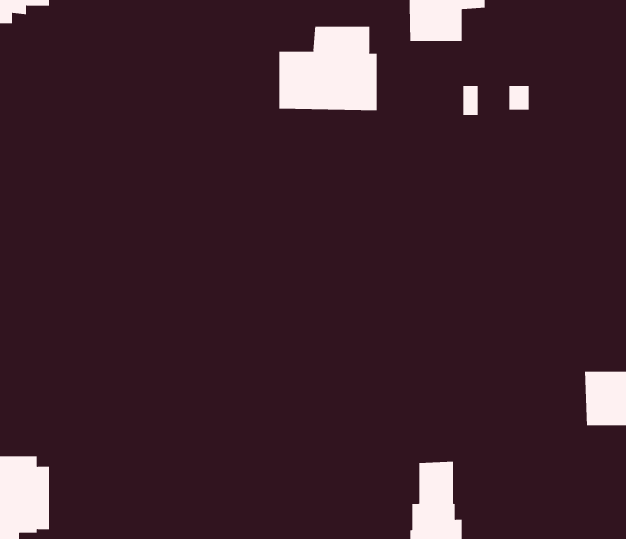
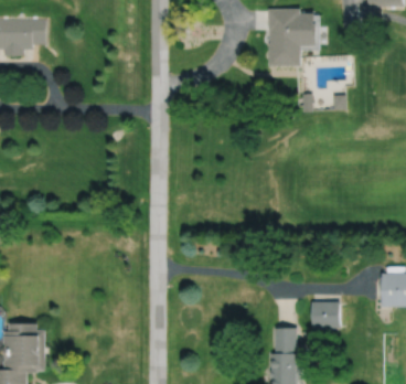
building: [279,26,377,111] -> none
building: none -> [310,302,338,329]

